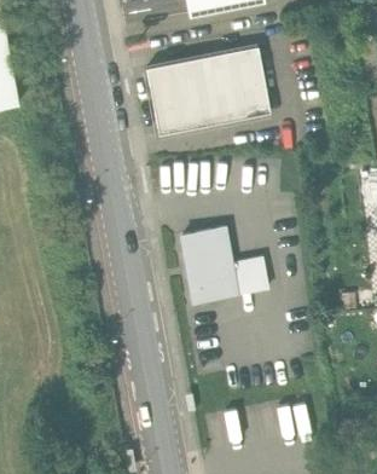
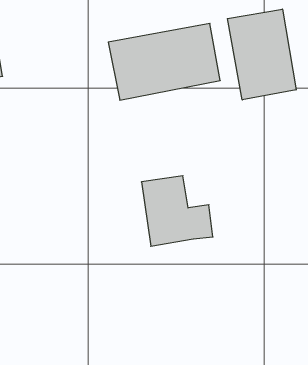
building: none -> [227,9,296,100]

